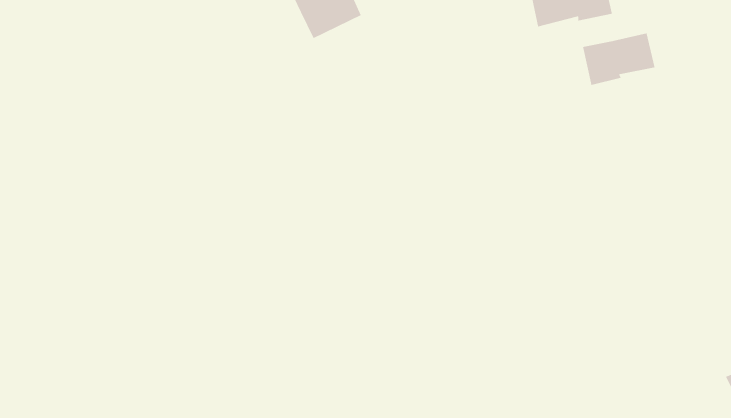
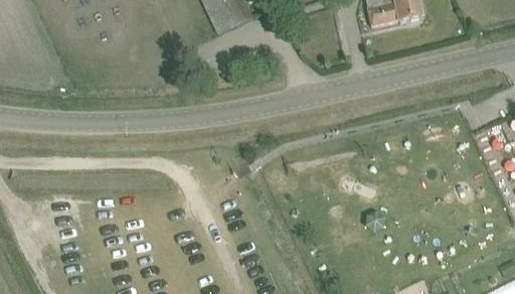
building: [582,33,656,86] -> none

